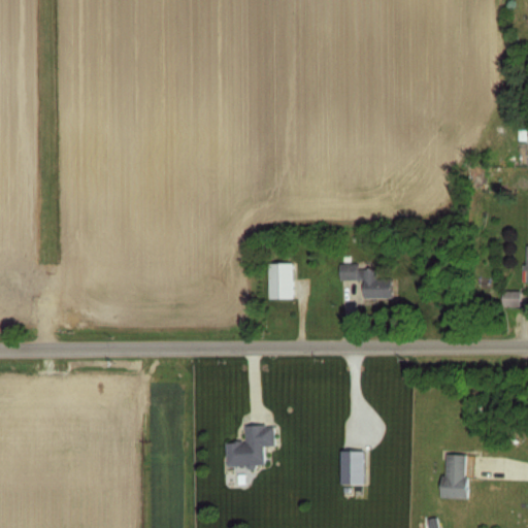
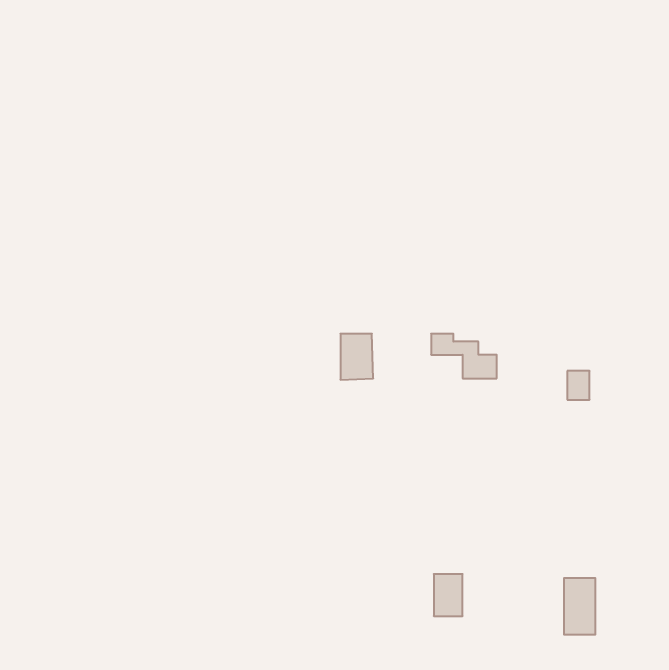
building: [501,290,519,312] -> [567,371,590,400]
building: [225,426,273,466] -> none

